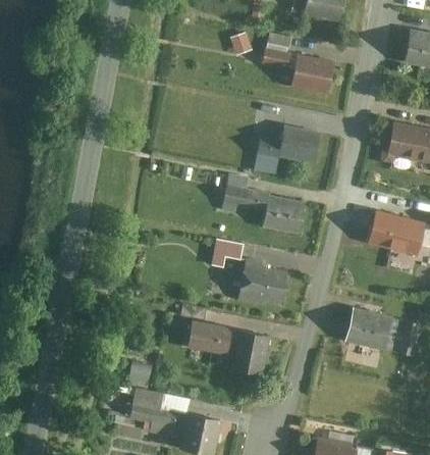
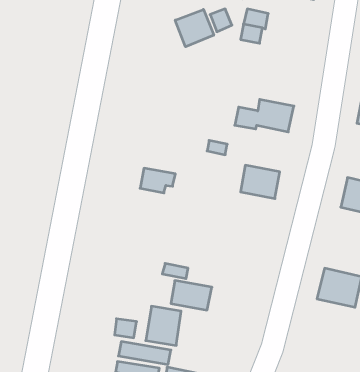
building: none -> [175,9,214,47]
building: [290,55,332,92] -> none
building: [220,191,258,217] -> [140,168,175,193]
building: [212,239,243,268] -> none
building: [238,267,286,305] -> none
building: [231,333,269,374] -> [146,306,181,345]

